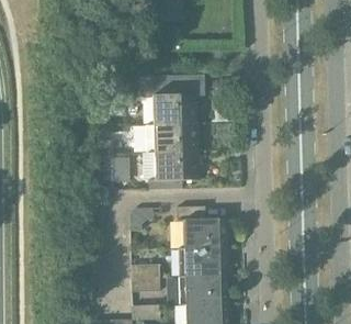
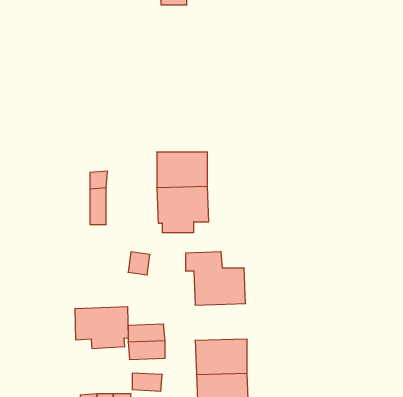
building: [139,75,204,125] -> none
building: [183,247,225,277] -> none
building: none -> [75,307,128,349]

